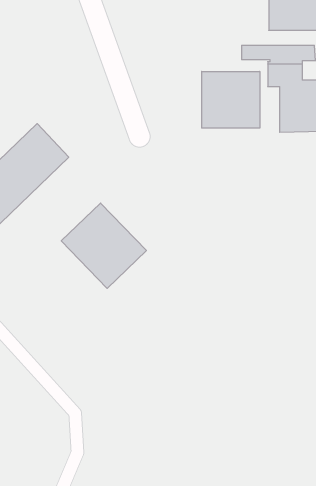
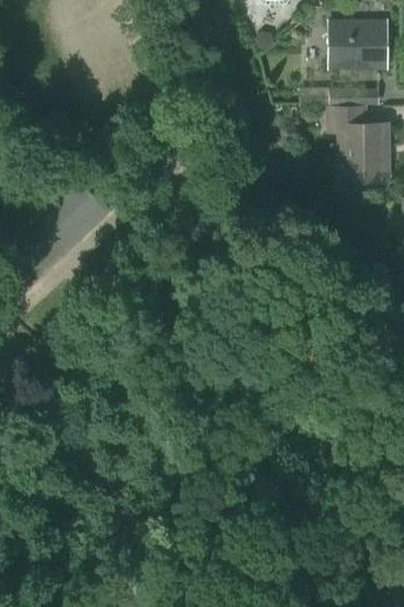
building: [202,71,260,128] -> none
building: [61,203,146,288] -> none

